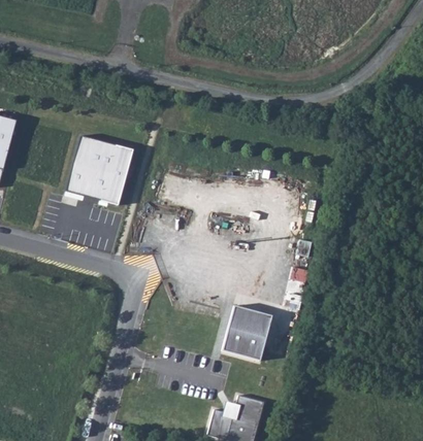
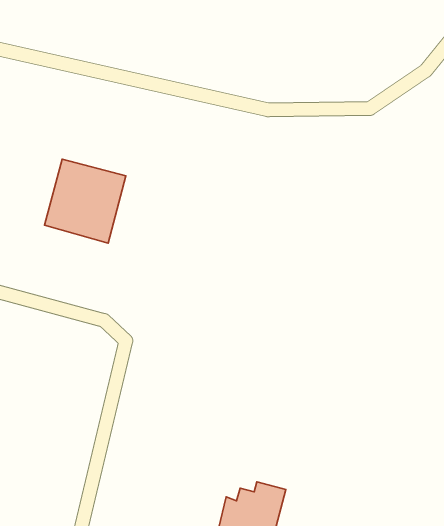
building: [223,305,271,360] -> none

